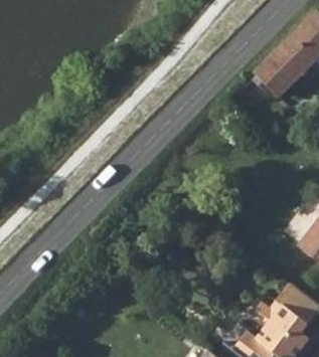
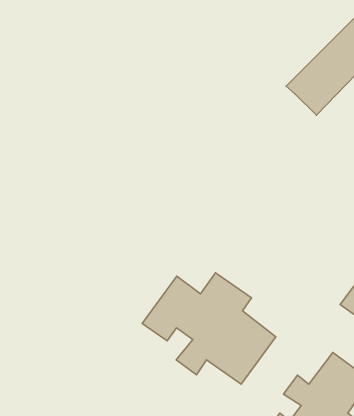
building: none -> [142,273,276,384]

